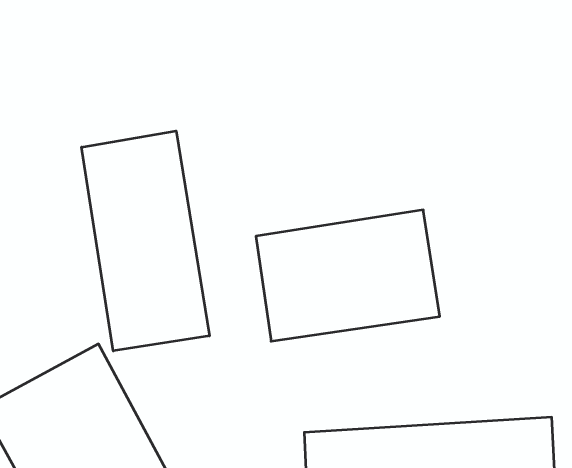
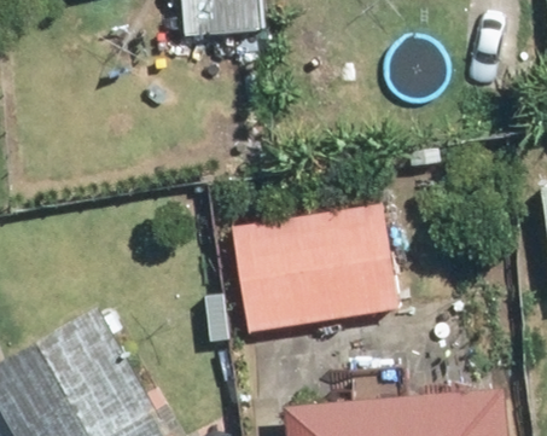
building: [82,131,209,351] -> none

